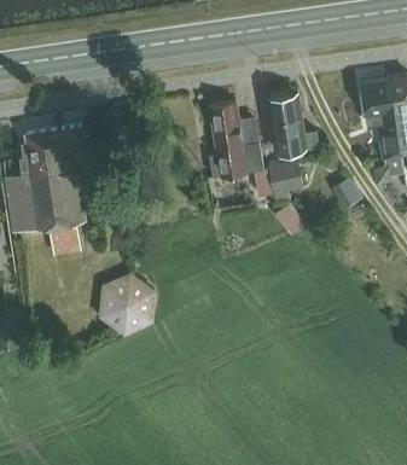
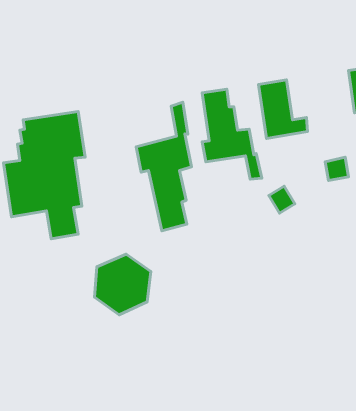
building: none -> [136,102,191,231]
building: [268,162,302,192] -> none

